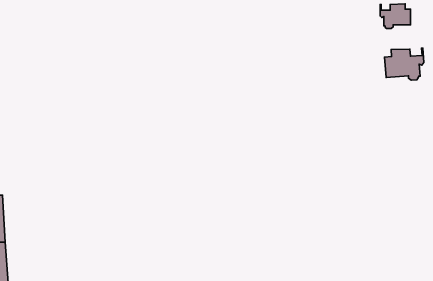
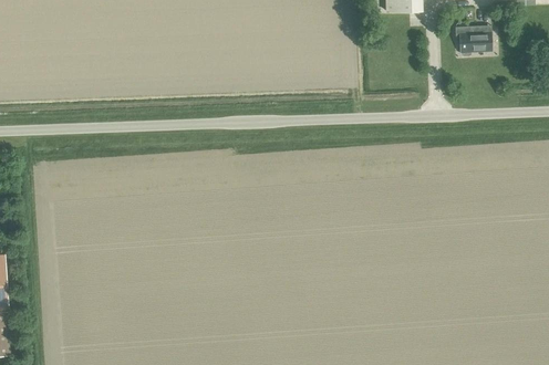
building: [385,48,424,80] -> none

